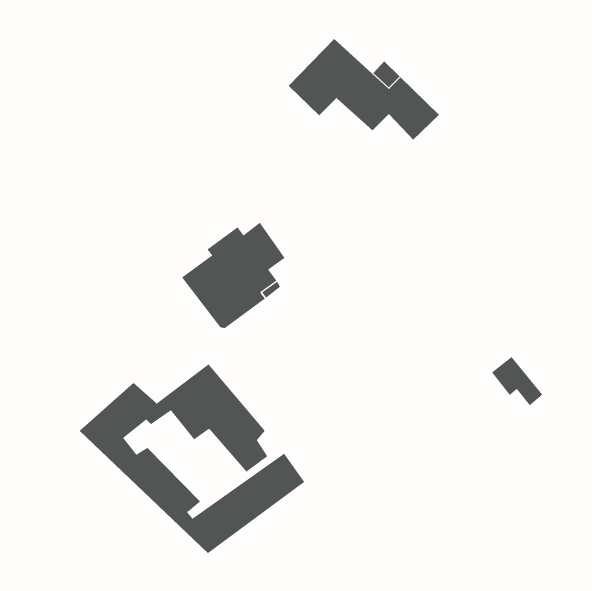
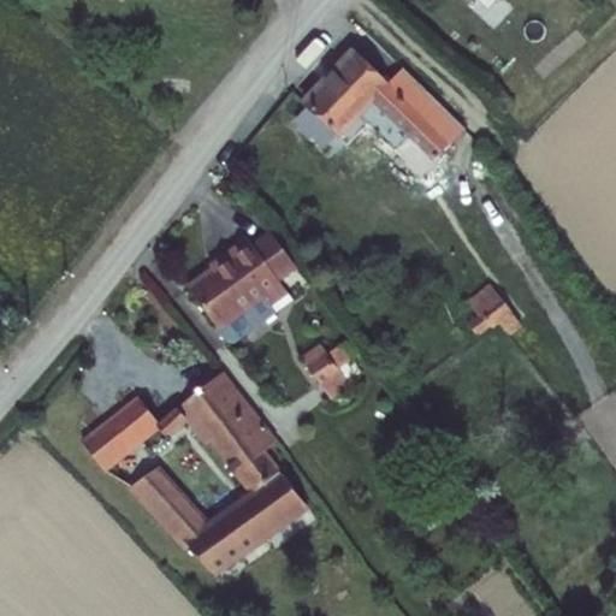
building: none -> [301,343,349,397]
building: [491,356,543,406] -> [468,280,522,332]

